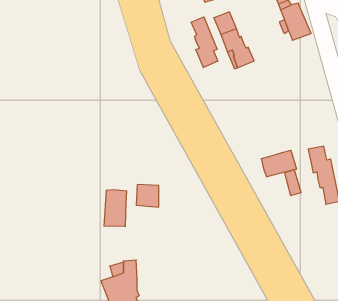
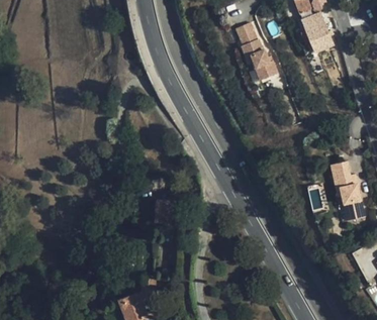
building: [191,17,218,68] -> none
building: [262,150,296,177] -> none
building: [104,190,126,227] -> none

